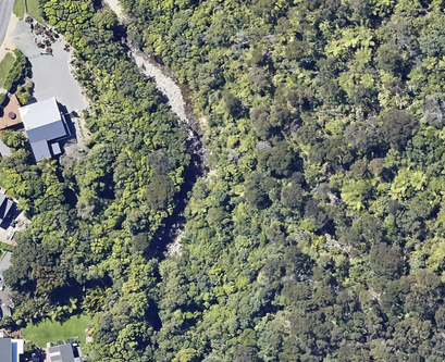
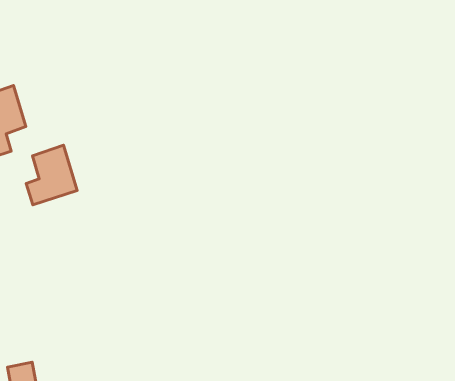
building: none -> [26,145,77,205]

